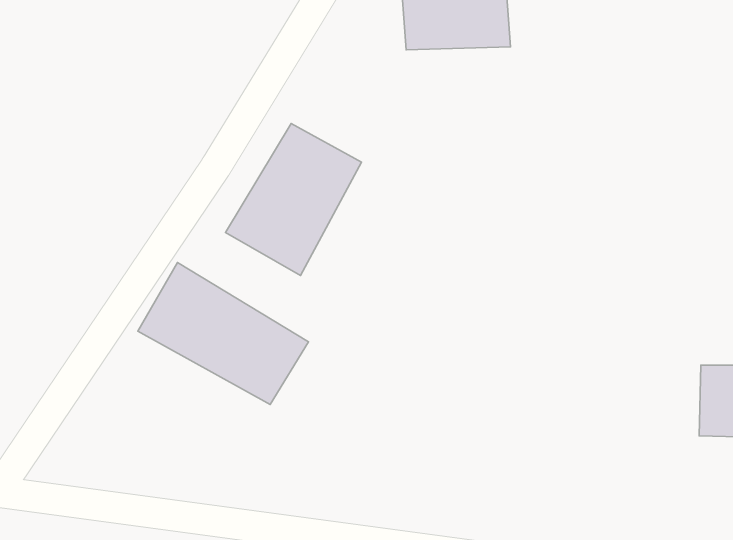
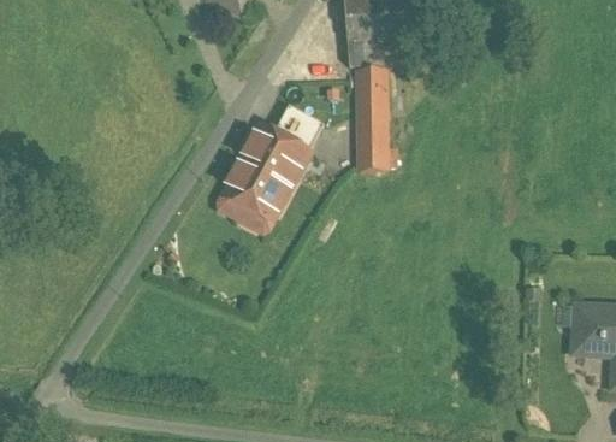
building: none -> [350,65,391,164]
building: [138,262,309,404] -> none

